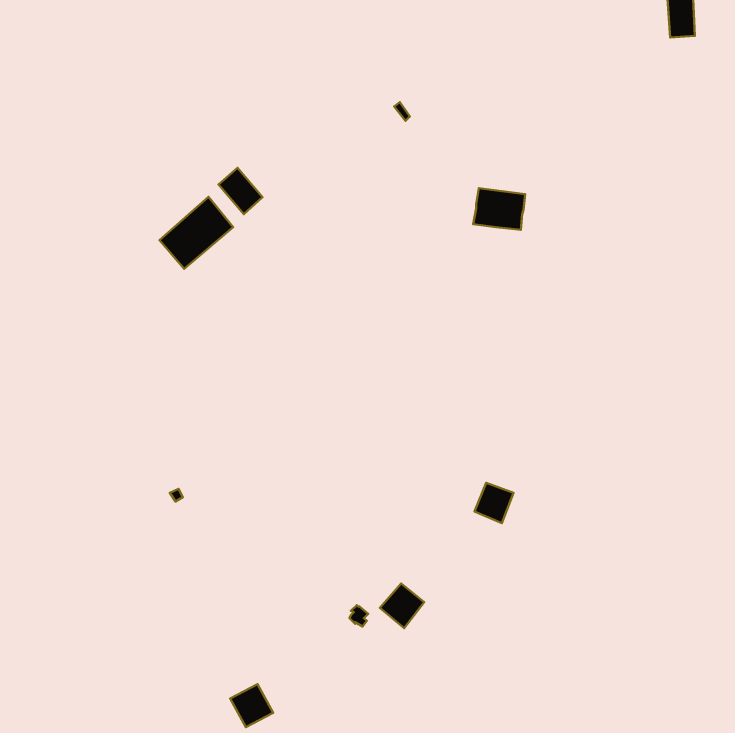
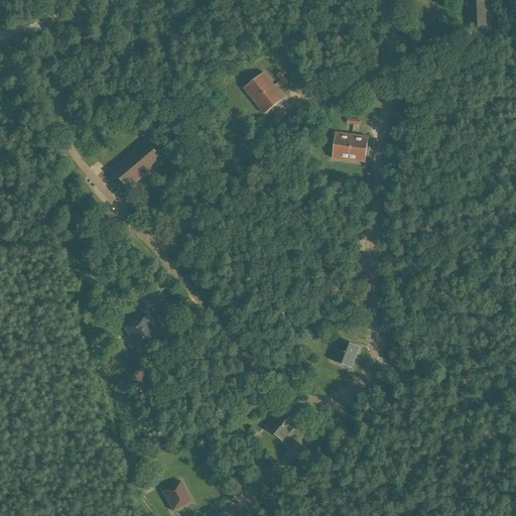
building: none -> [244,72,284,113]
building: [219,168,262,214] -> none
building: none -> [125,312,161,349]

